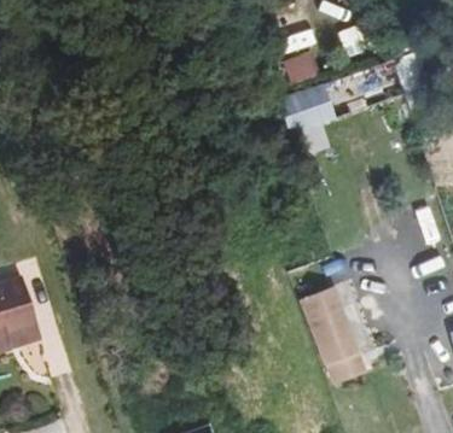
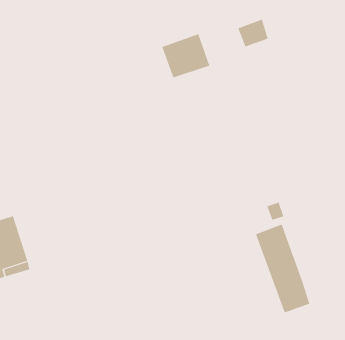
building: [275,84,332,136] -> [162,33,210,78]

